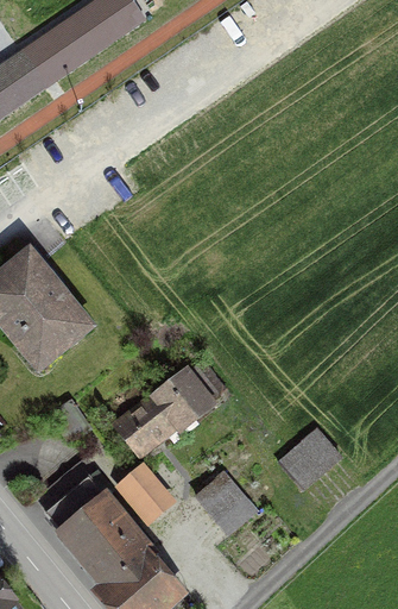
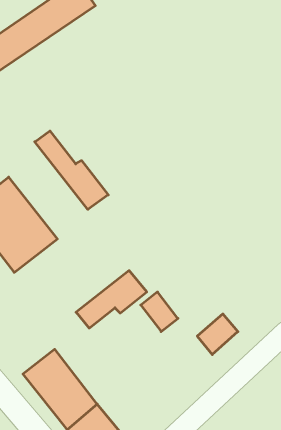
building: none -> [35,131,108,209]
building: [125,459,183,517] -> none
building: [203,477,253,530] -> [141,292,178,332]

